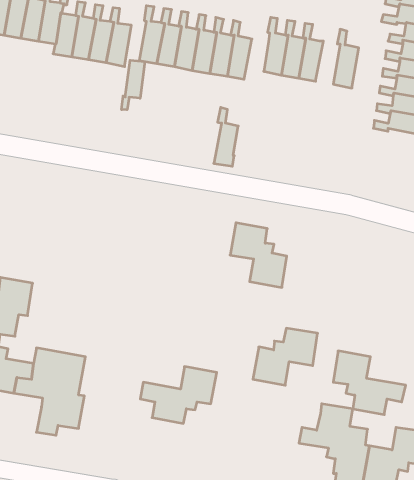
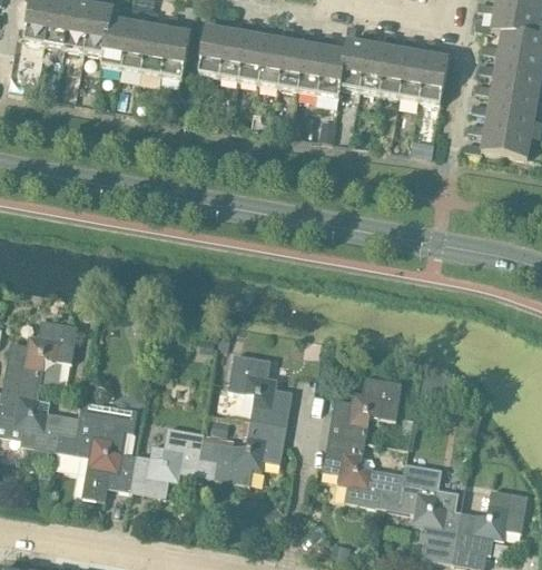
building: none -> [400,35,427,100]
building: [122,60,145,110] -> none
building: [214,107,238,166] -> [318,31,346,98]
building: [230,223,287,287] -> [228,354,293,428]
building: [333,351,406,415] -> [323,435,405,508]
building: none -> [130,428,217,498]

